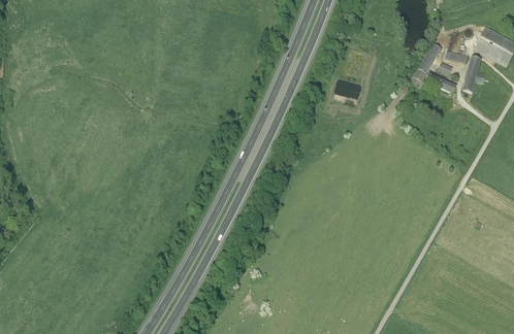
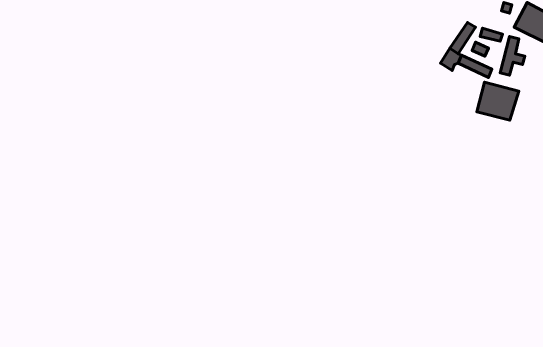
building: none -> [477,82,519,120]

